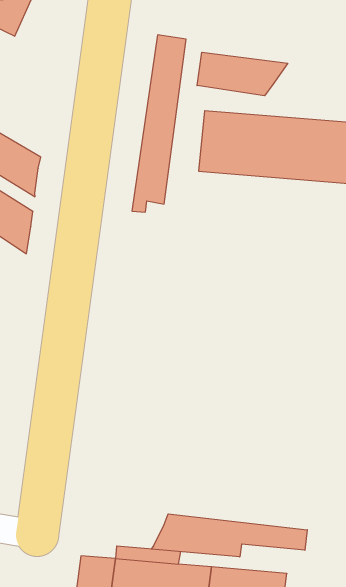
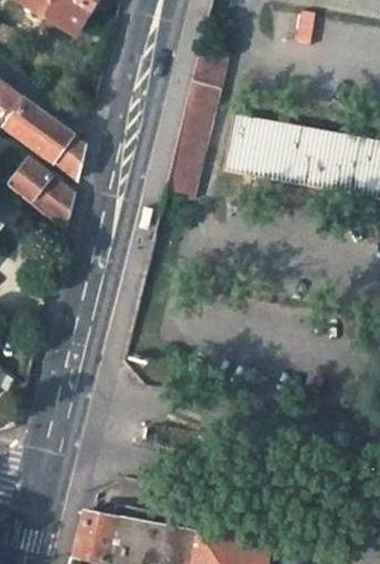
building: [197,52,288,96] -> none
building: [151,514,307,557] -> none

